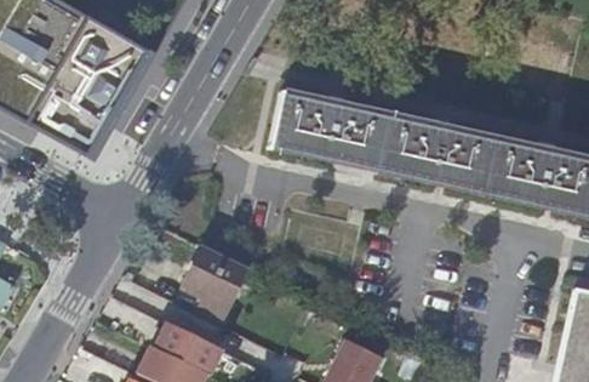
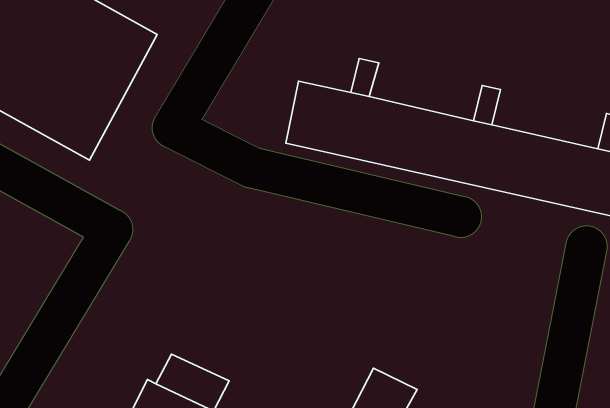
building: [178,244,242,315] -> none

